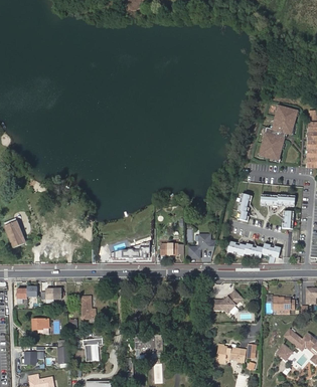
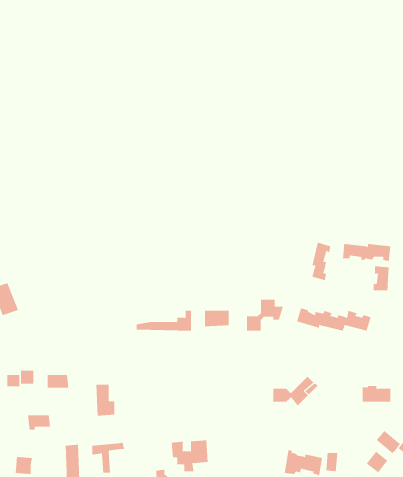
building: [259,106,297,160] -> none

